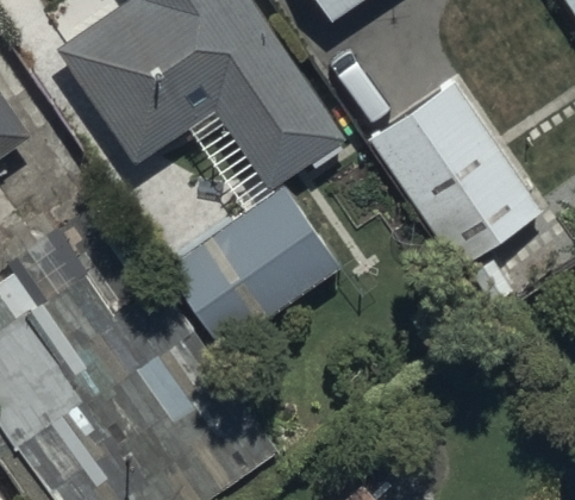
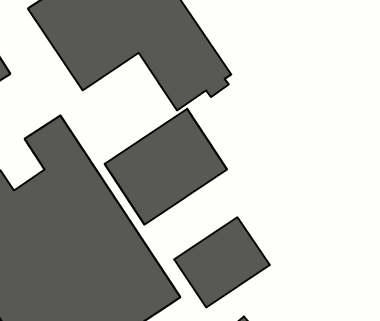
building: [363,81,542,274] -> none
building: none -> [174,217,270,307]

